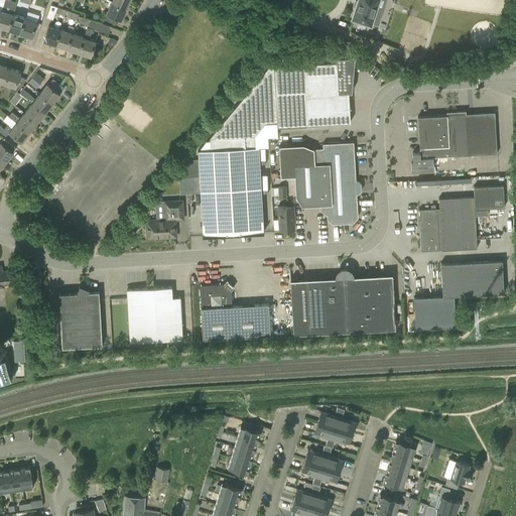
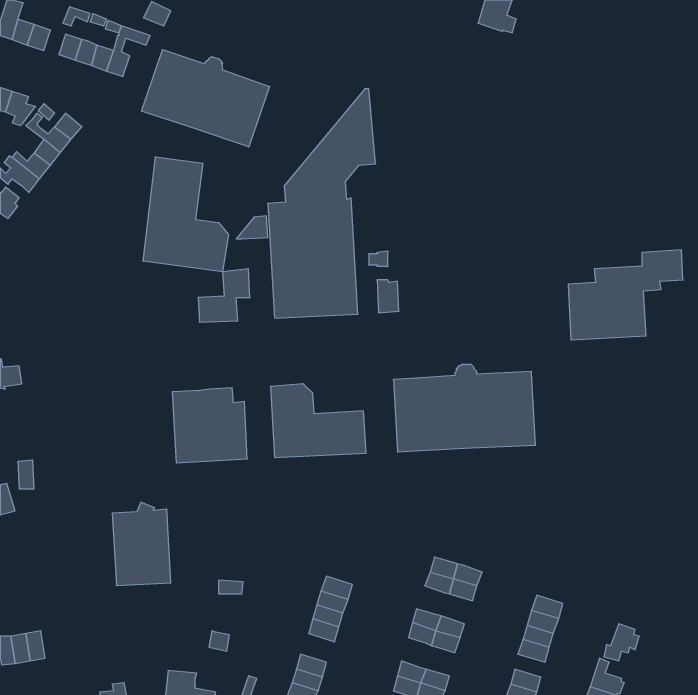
building: none -> [142,50,269,147]
building: [272,59,351,127] -> none
building: [411,112,497,172] -> none
building: none -> [143,157,228,272]
building: [279,144,360,226] -> none
building: [414,262,504,330] -> none
building: [58,287,102,349] -> [112,502,171,586]

